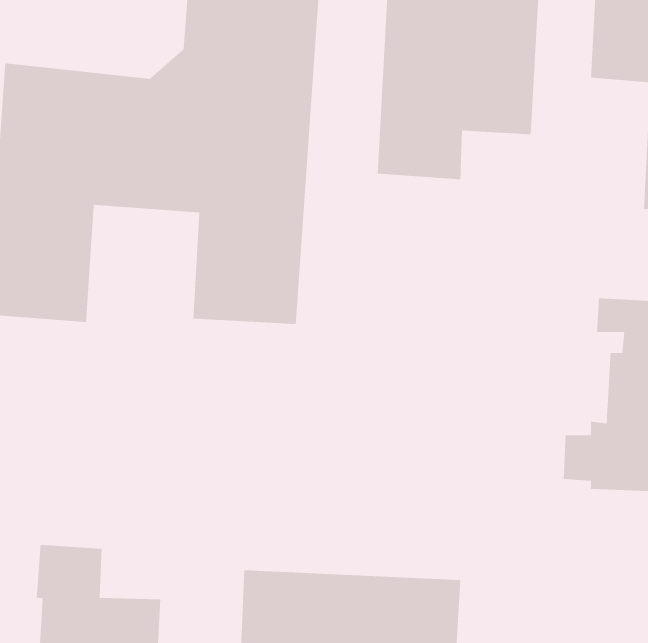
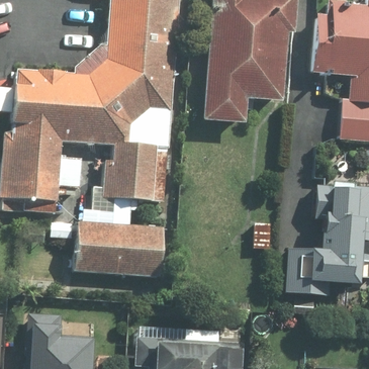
building: none -> [72,219,166,275]

